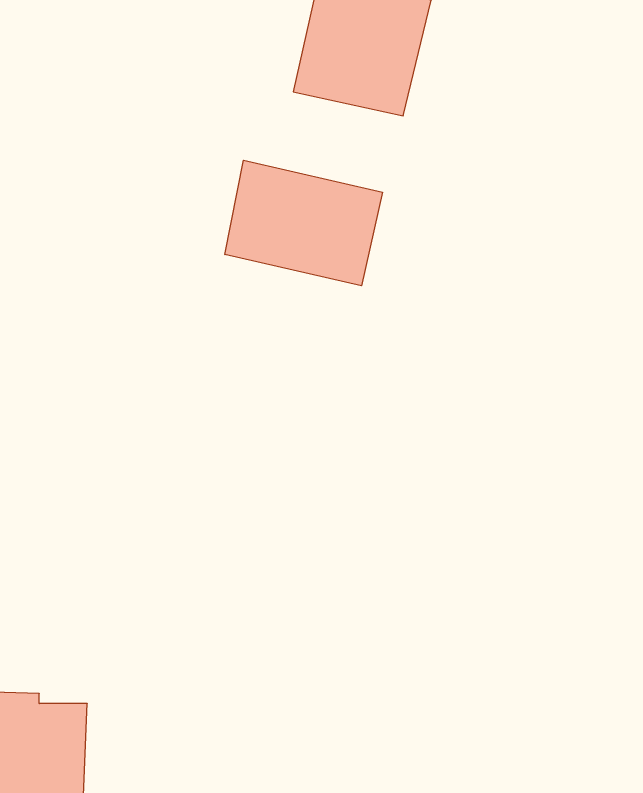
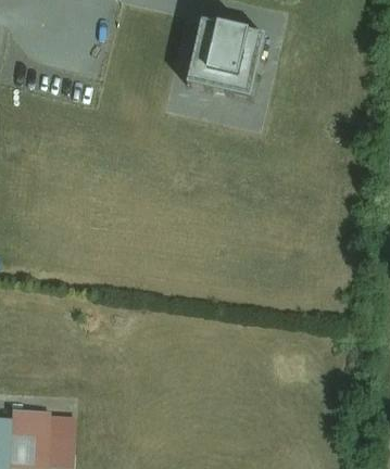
building: [225,160,382,286] -> none

